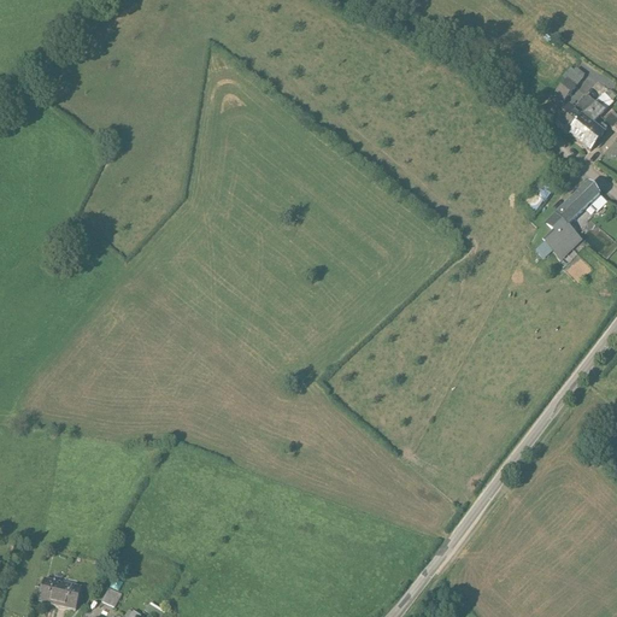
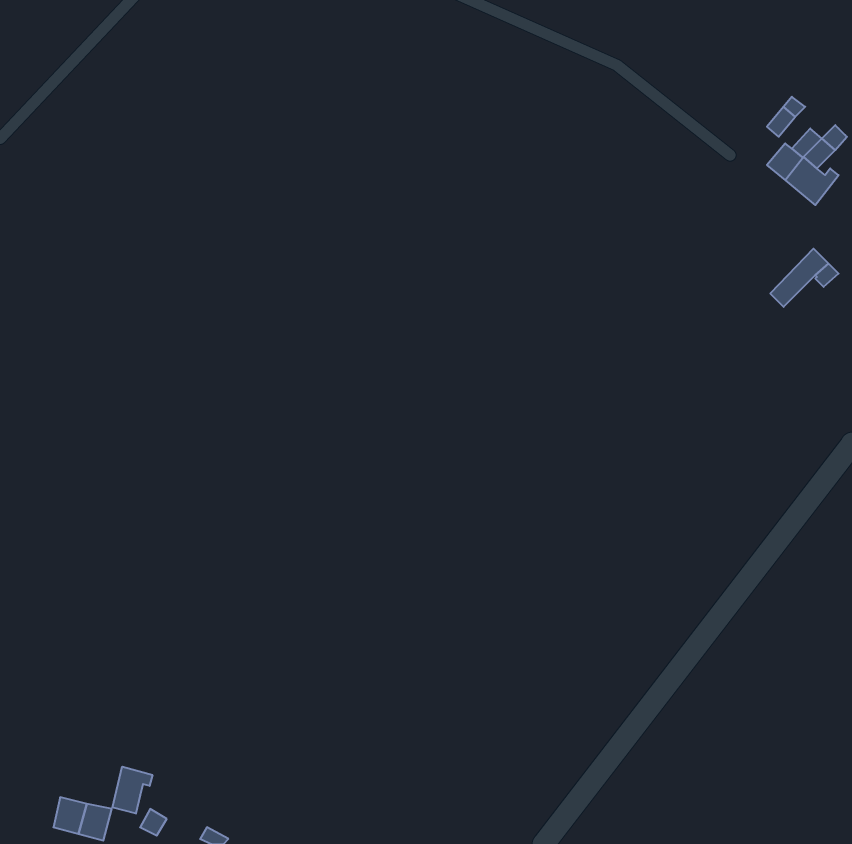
building: [546,212,574,253] -> none
building: none -> [112,767,152,814]

